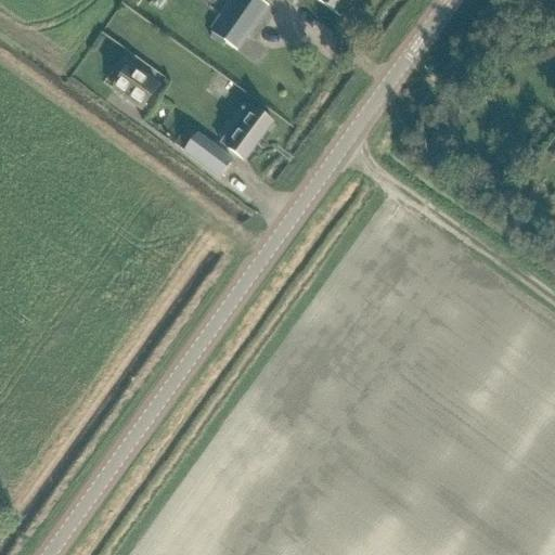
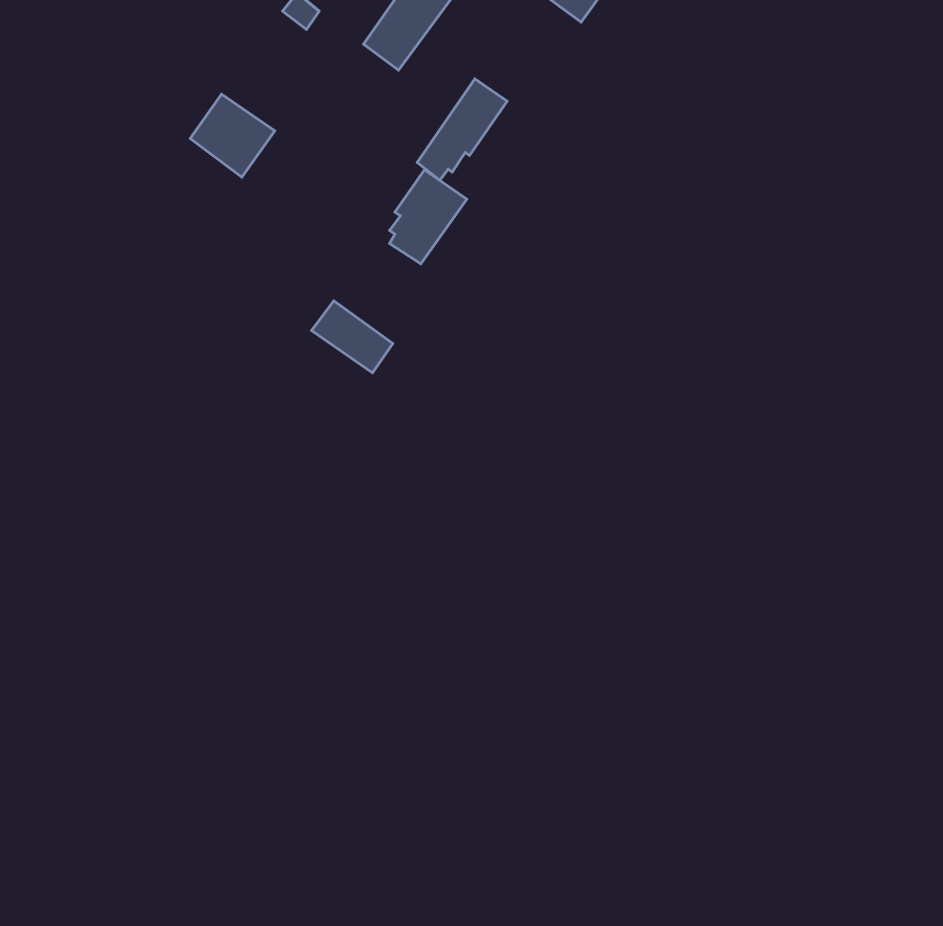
building: none -> [417,79,507,180]
building: [186,130,234,172] -> [312,301,393,373]

